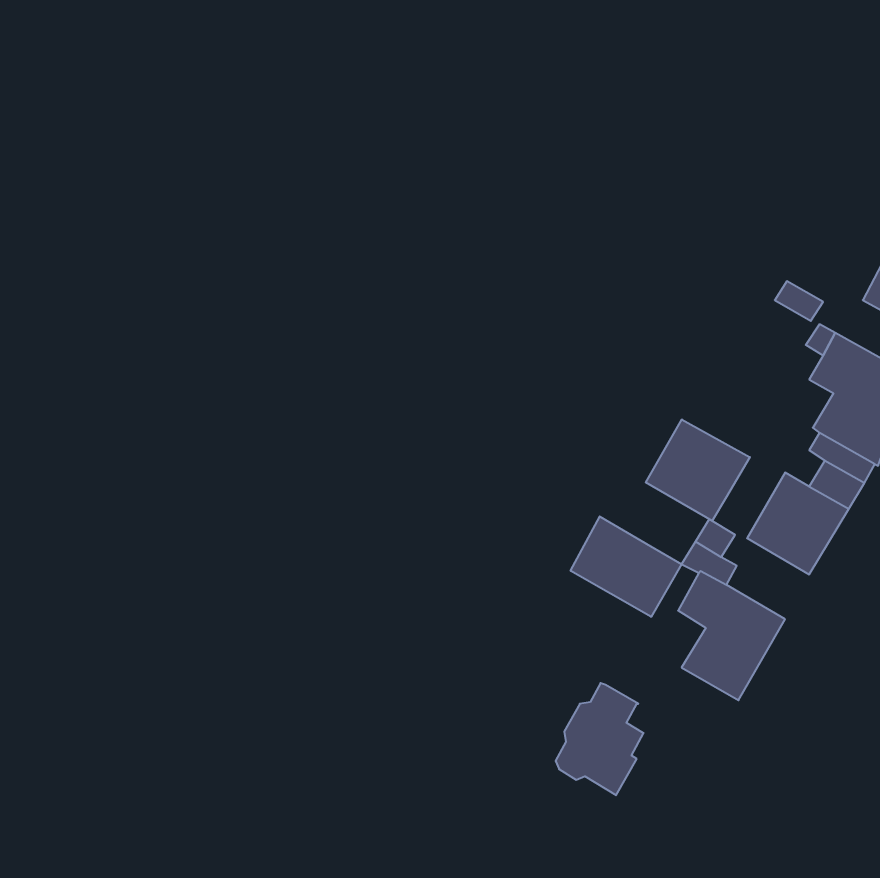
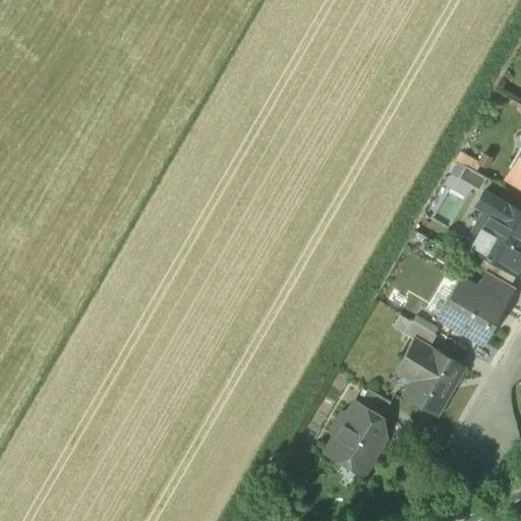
building: [646,419,750,521] -> none
building: [571,516,682,617] -> none
building: none -> [358,390,391,420]

